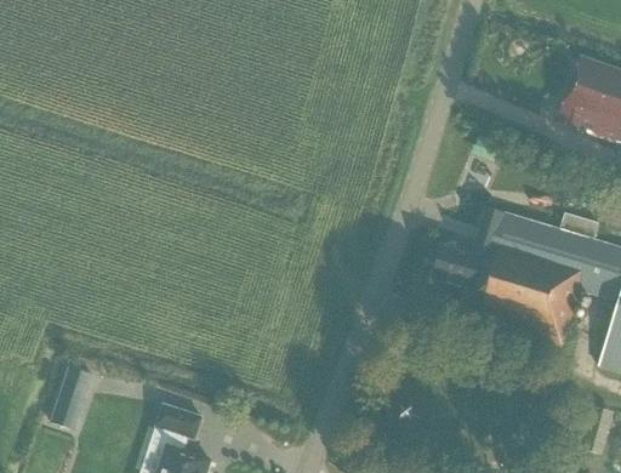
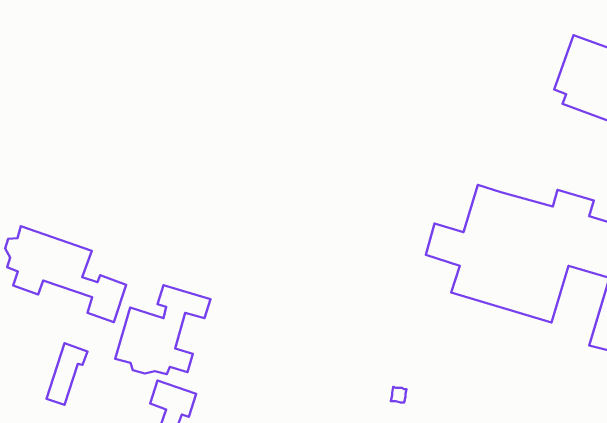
building: none -> [5,226,126,322]
building: none -> [115,285,211,374]

